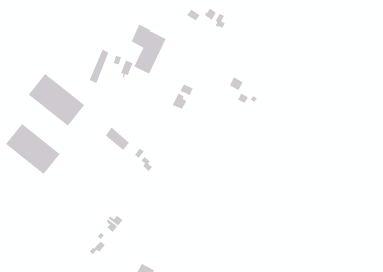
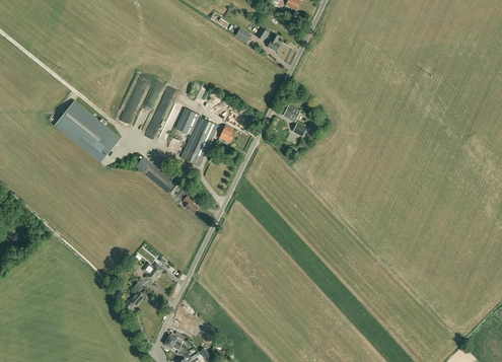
building: [131,24,167,75] -> [177,108,218,166]
building: [5,123,60,175] -> none

